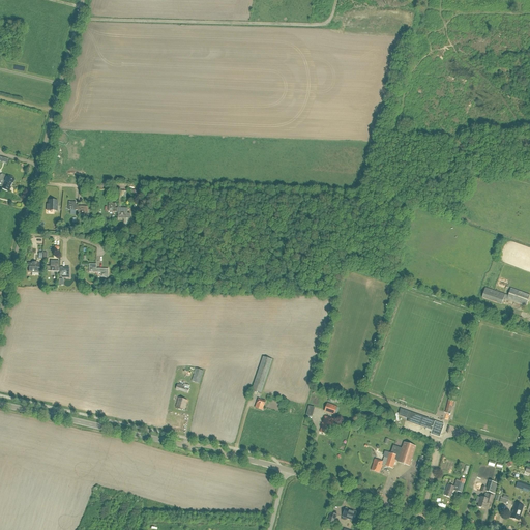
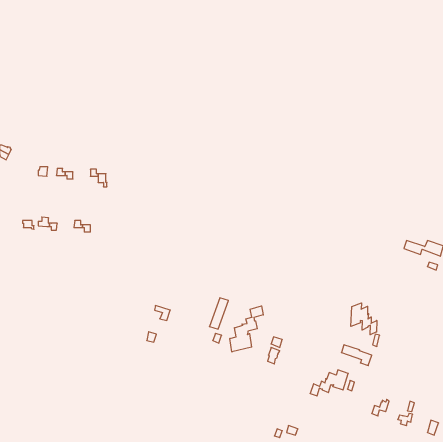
building: none -> [351,303,377,335]
building: none -> [230,306,263,352]

